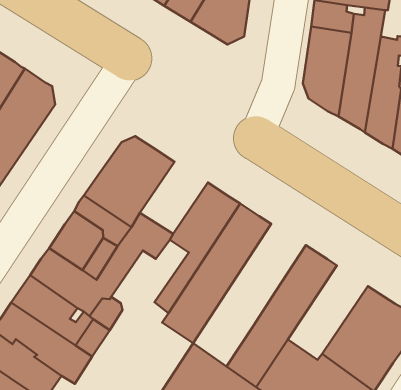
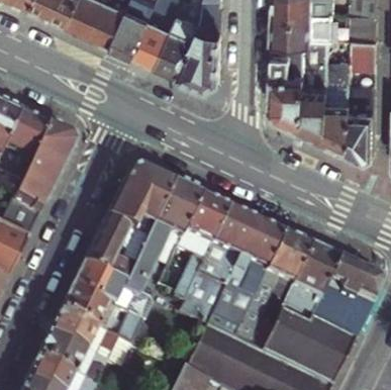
building: none -> [153,184,203,240]
building: none -> [207,223,286,339]
building: none -> [281,250,338,325]

